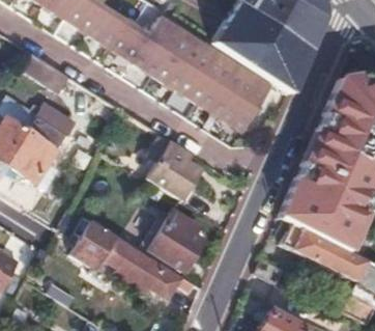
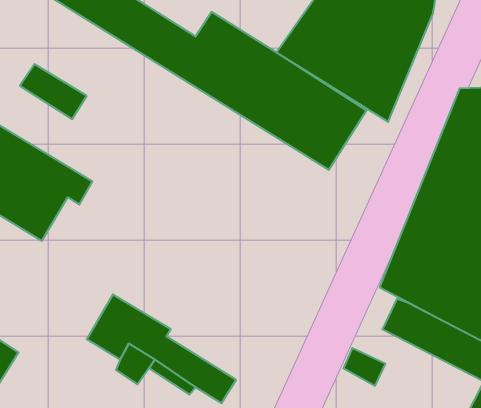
building: [148,134,202,200] -> none
building: [151,210,203,272] -> none

